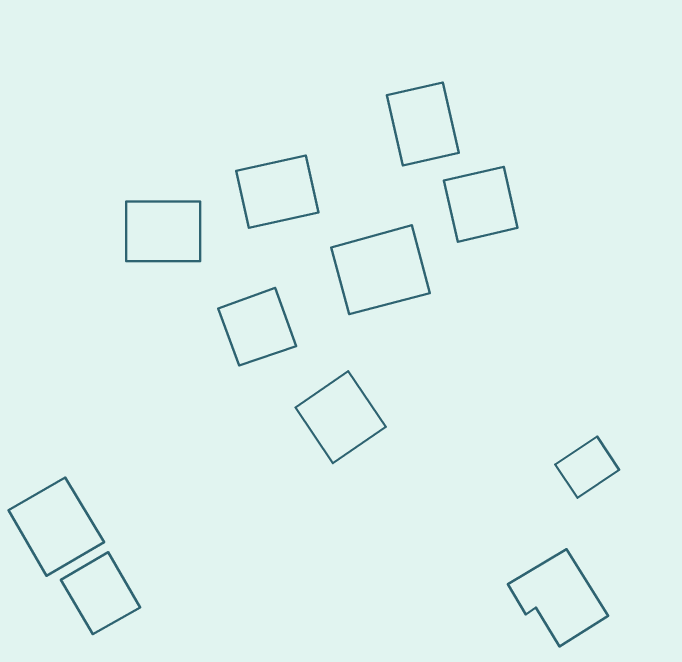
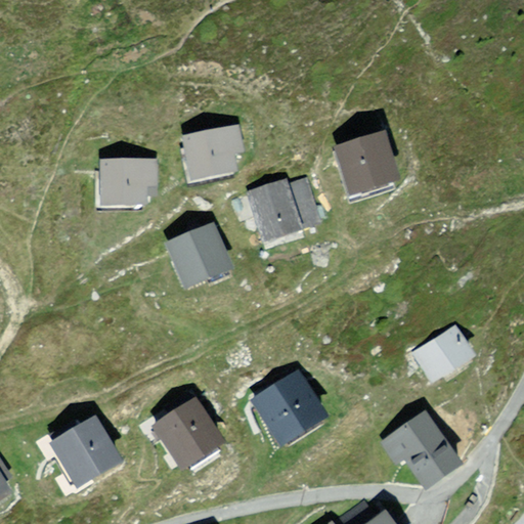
building: [387,82,459,165] -> none
building: [295,371,386,463] -> [258,370,324,438]
building: [8,478,104,576] -> none
building: none -> [155,406,214,464]

